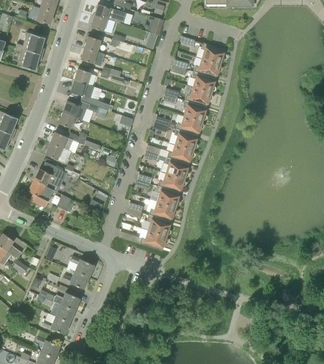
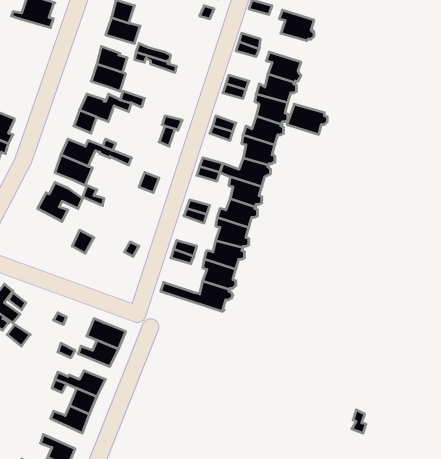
building: [14,47,42,71] -> none
building: [193,58,221,79] -> [287,104,327,134]
building: [27,180,53,207] -> none

